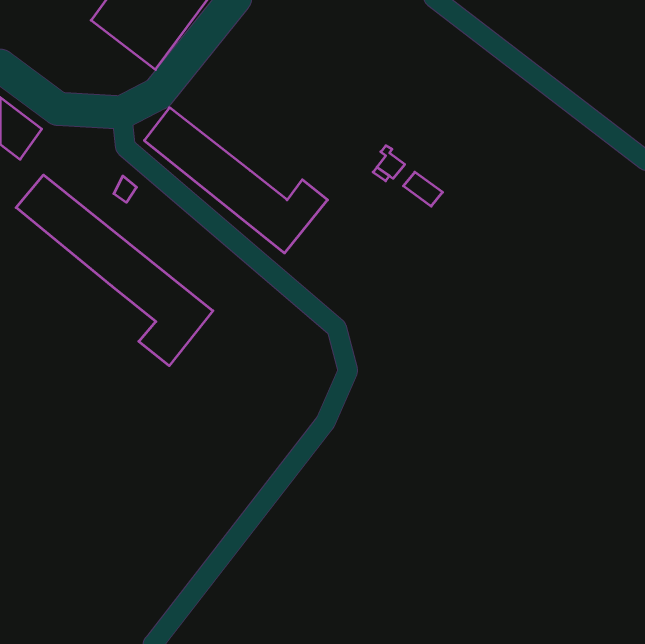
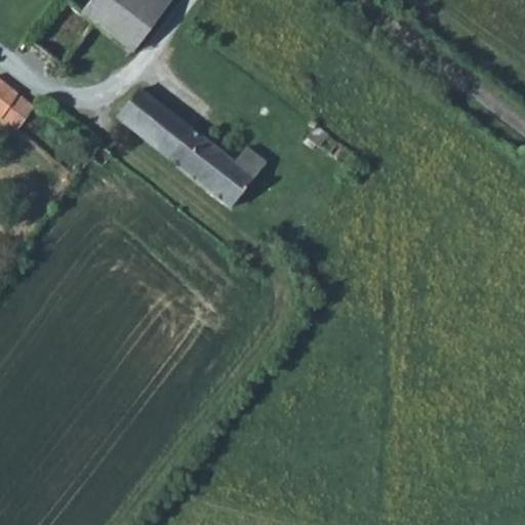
building: [16,175,213,366] -> none

